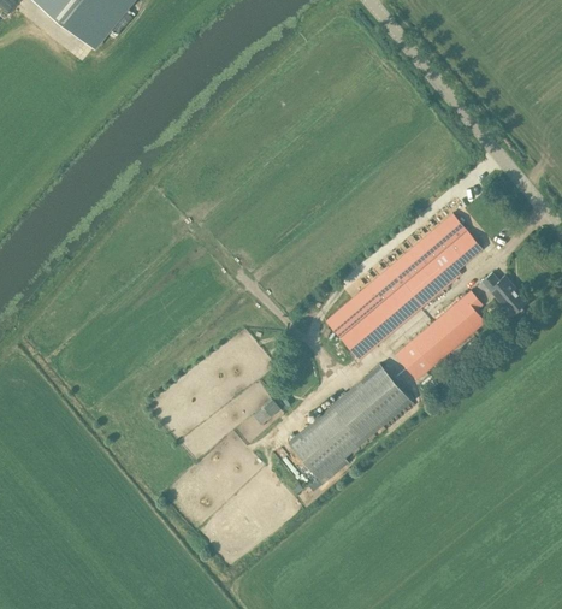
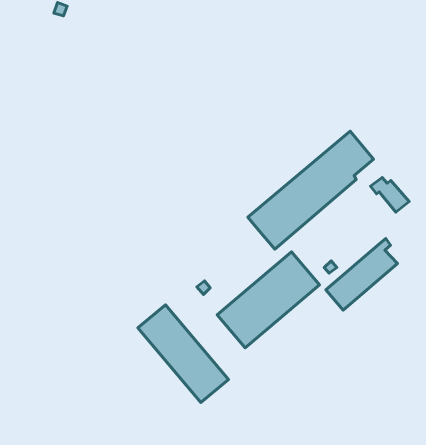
building: [395,289,484,378] -> [326,238,397,310]
building: none -> [138,305,228,403]

